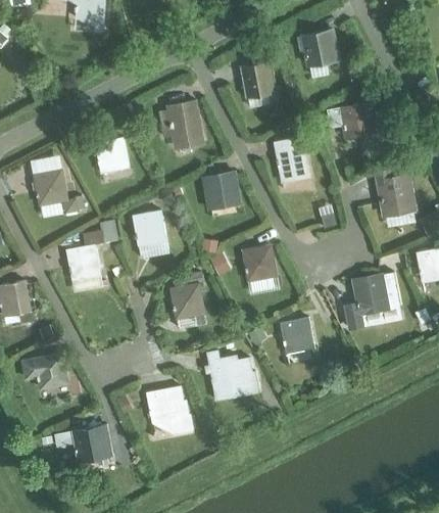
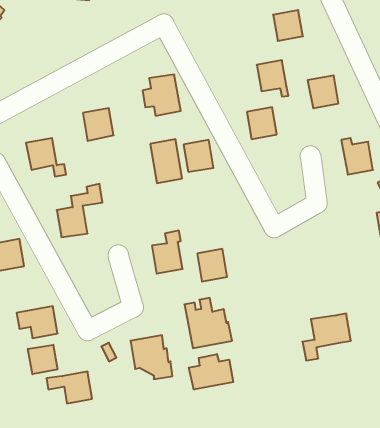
building: [242,62,277,102] -> [257,60,288,97]
building: [133,211,167,259] -> [150,139,182,183]
building: [243,245,276,281] -> [197,249,227,282]
building: [346,278,399,329] -> [302,314,351,360]
building: [281,318,314,354] -> none
building: none -> [28,345,58,374]
building: none -> [189,354,233,390]

